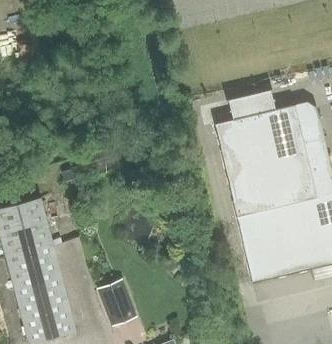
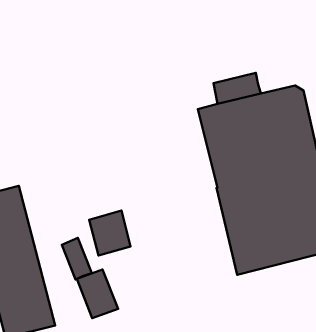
building: none -> [89,211,131,255]
building: none -> [62,238,92,279]

